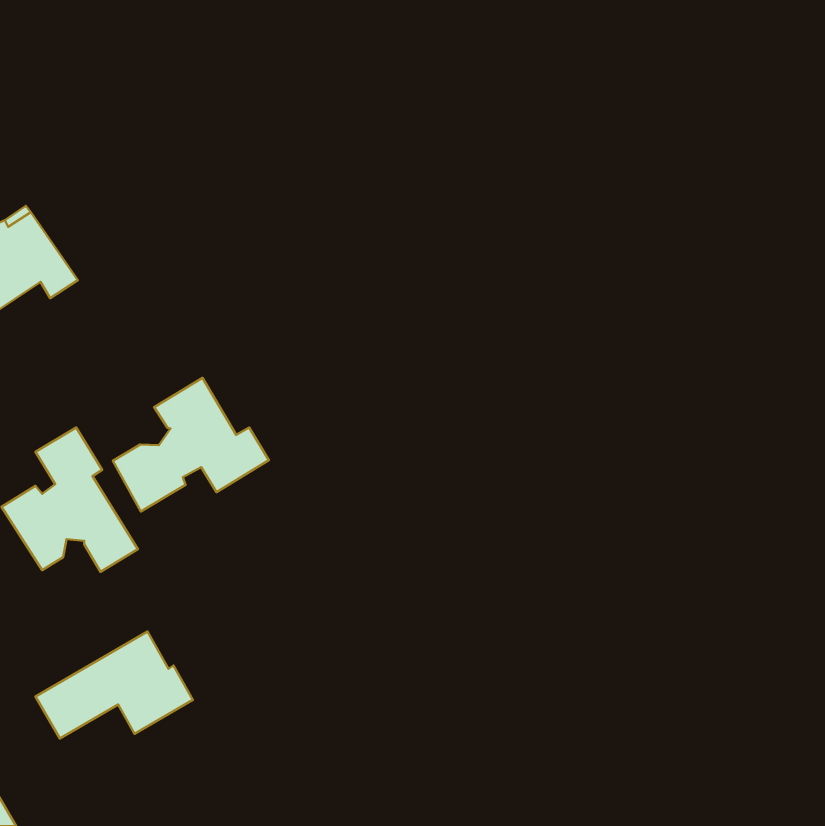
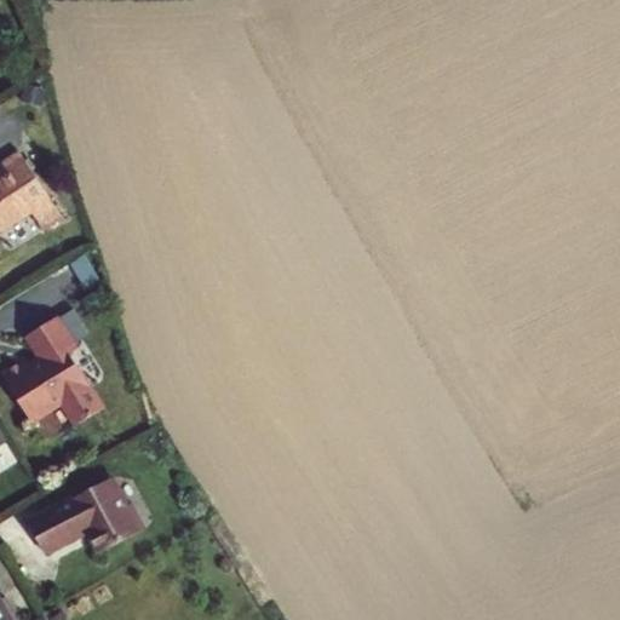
building: [113,378,269,512] -> none

